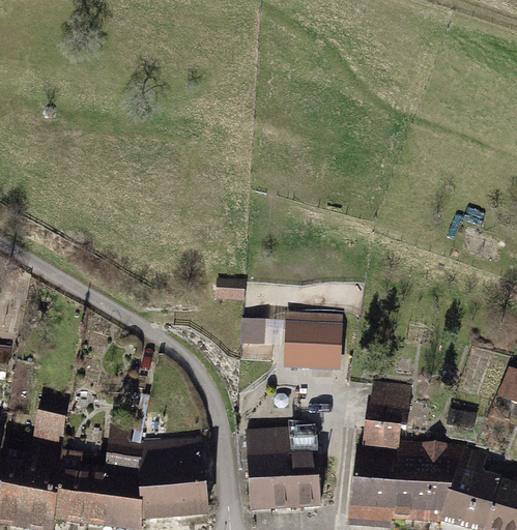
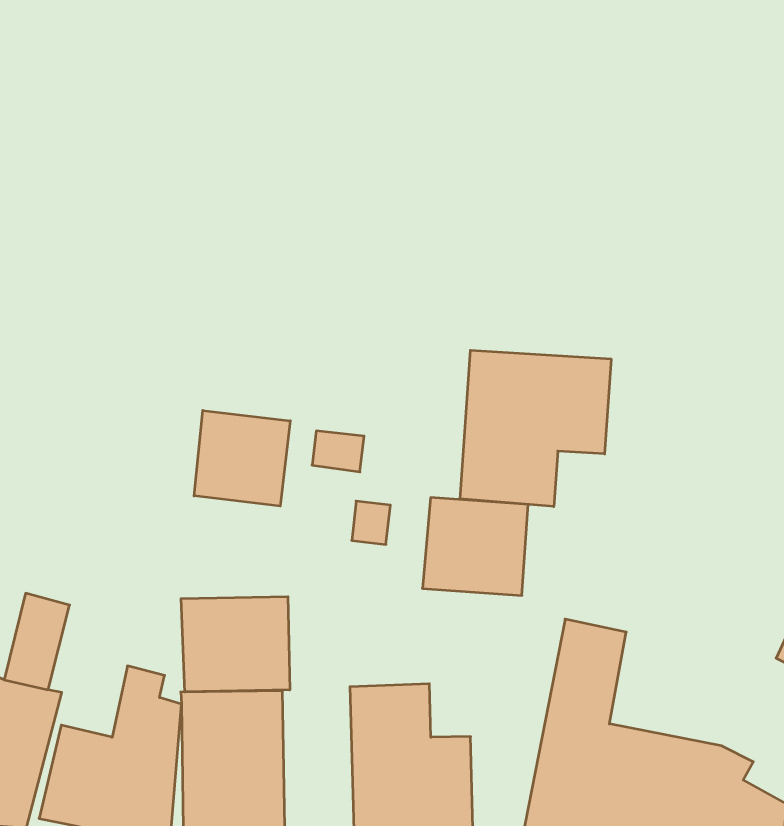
building: none -> [460,350,611,507]
building: none -> [194,410,290,506]
building: none -> [181,597,290,692]

